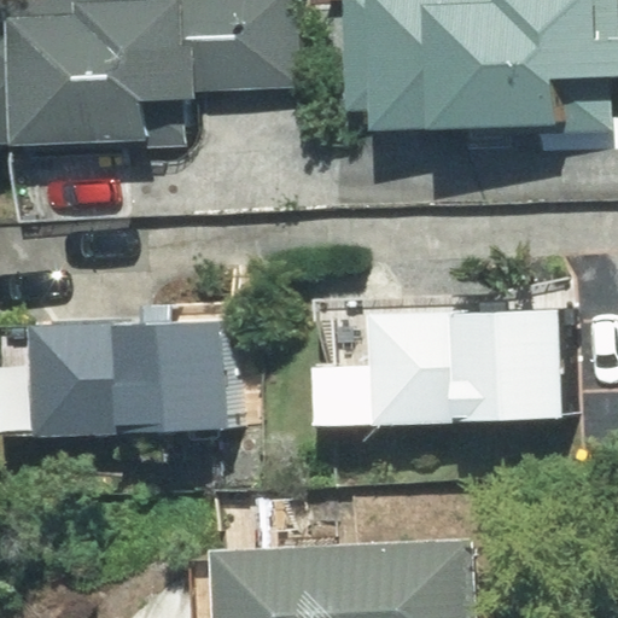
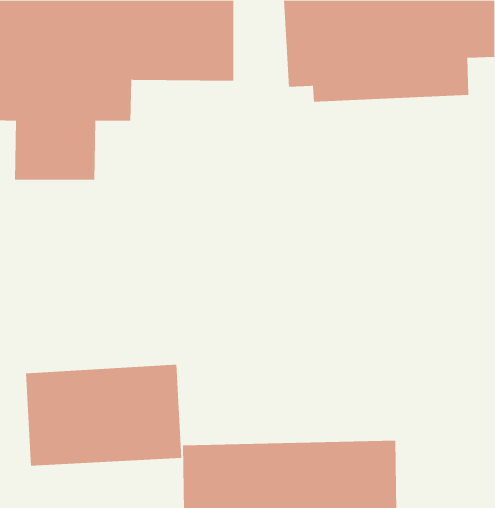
building: [320,303,573,421] -> none
building: [47,314,237,437] -> [25,364,182,466]

